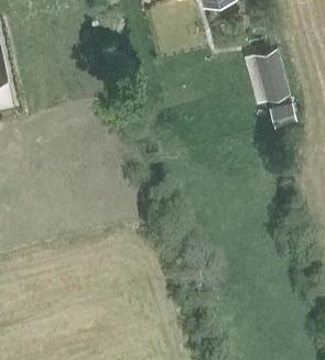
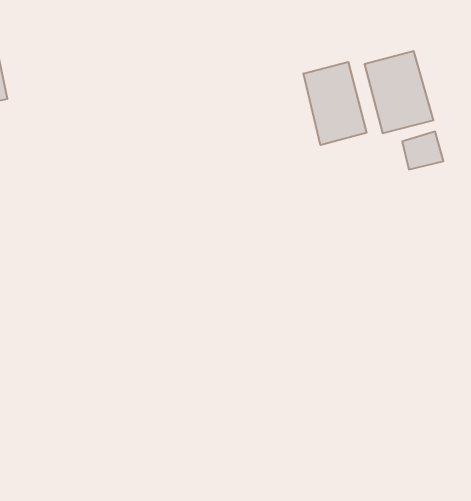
building: none -> [303,62,367,145]

